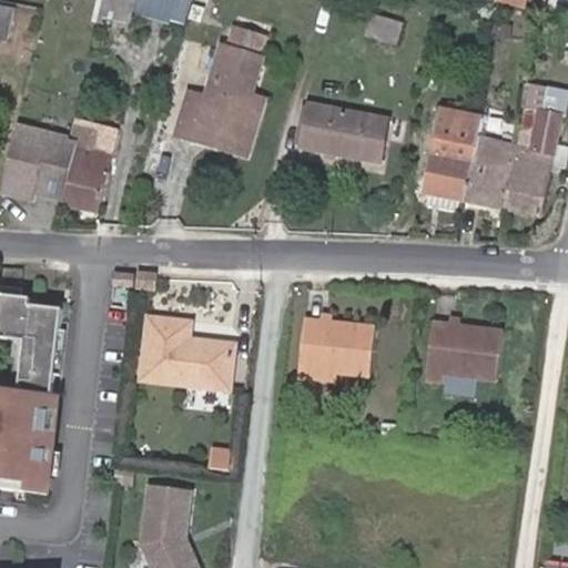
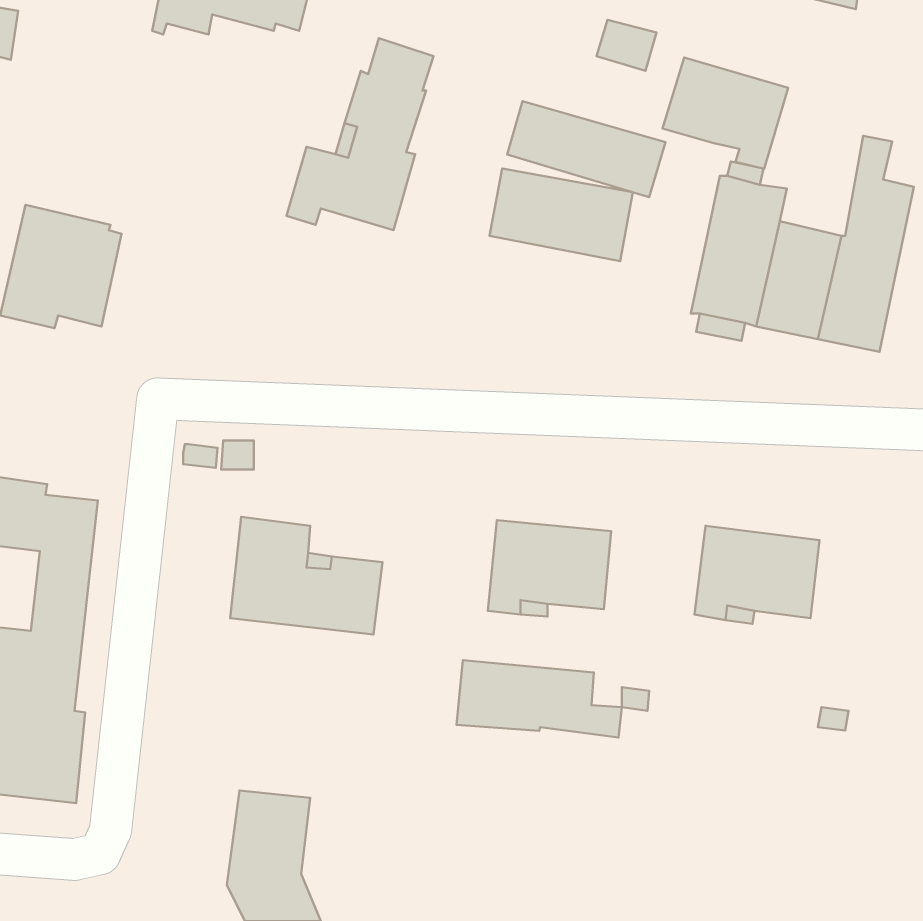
building: none -> [663,57,788,169]
building: none -> [507,101,665,197]
building: [193,94,263,154] -> none
building: [61,121,114,211] -> none
building: none -> [457,660,622,737]

